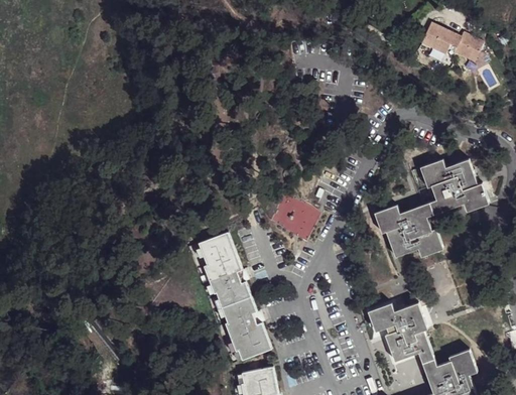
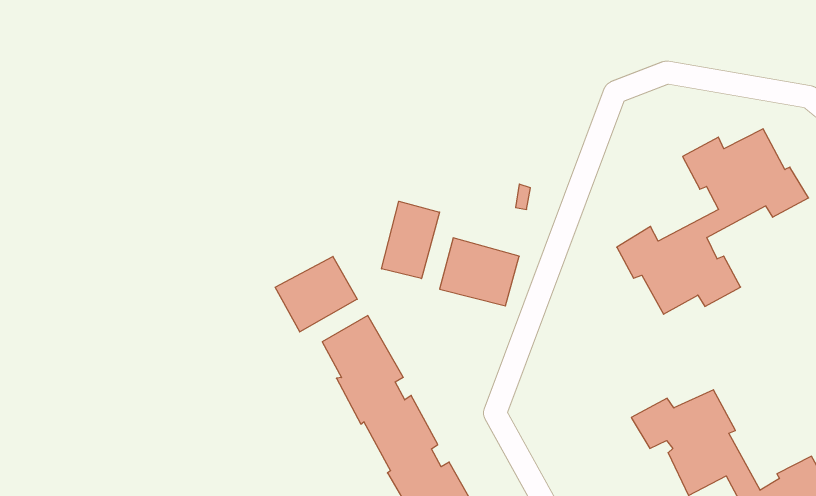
building: none -> [382,201,440,279]
building: none -> [275,256,357,332]

